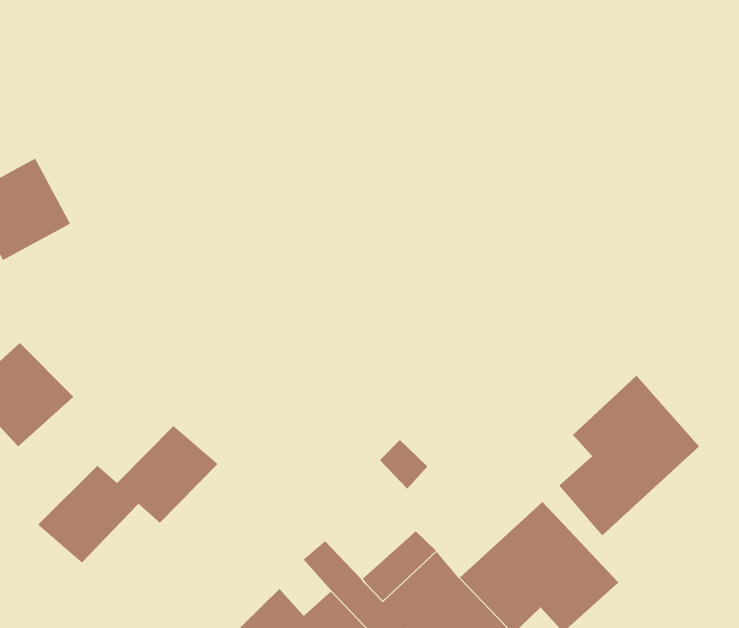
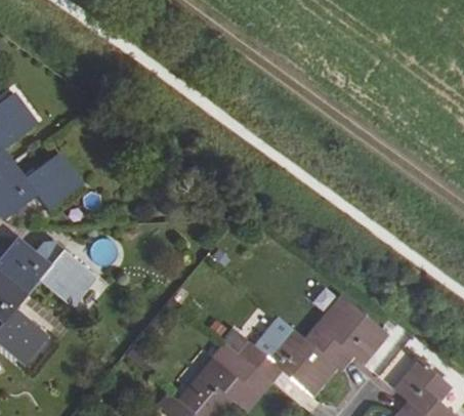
building: [558,375,700,536] -> none
building: [37,425,218,564] -> none

